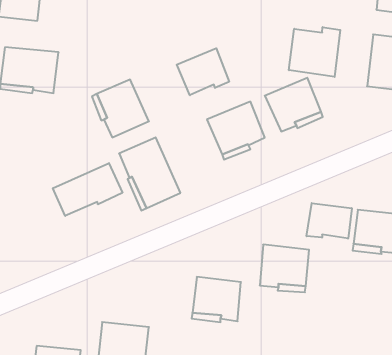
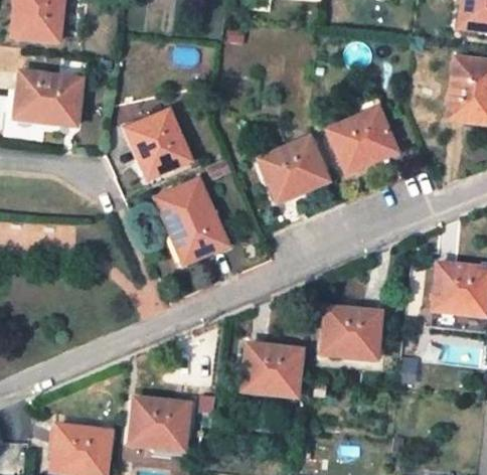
building: [289,27,340,77] -> none
building: [177,48,229,95] -> none
building: [53,163,122,216] -> none
building: [307,203,352,239] -> none

